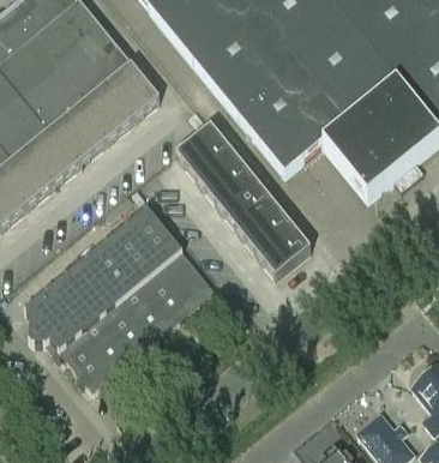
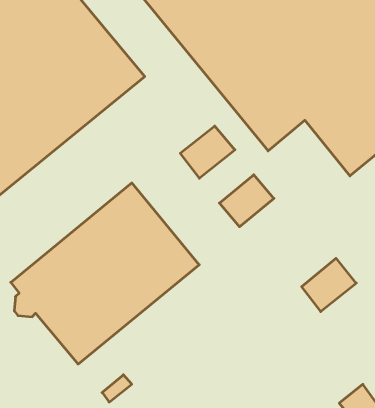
building: [176,125,231,178] -> none
building: [216,174,271,228] -> none
building: [257,223,312,277] -> [302,258,356,312]

